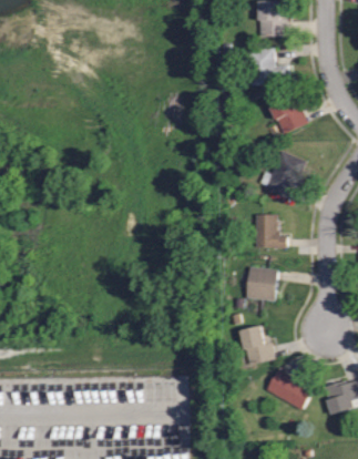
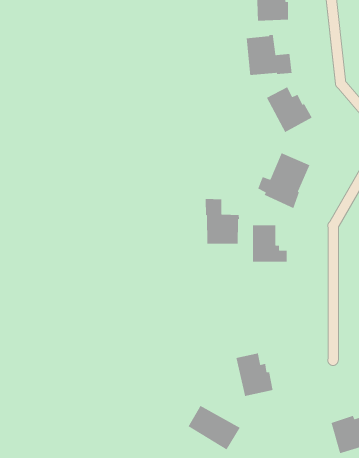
building: none -> [205,198,240,245]
building: [245,267,277,300] -> none
building: [266,370,313,410] -> [188,405,241,450]

